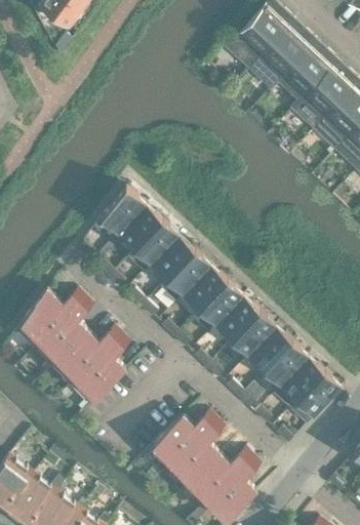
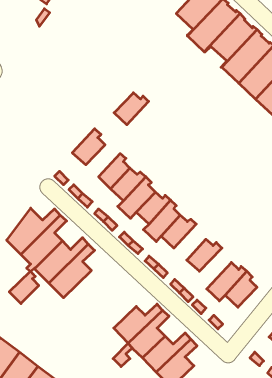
building: [118,209,162,250] -> [114,93,149,125]
building: [231,311,272,357] -> none
building: [264,341,305,387] -> none
building: none -> [9,271,39,304]

